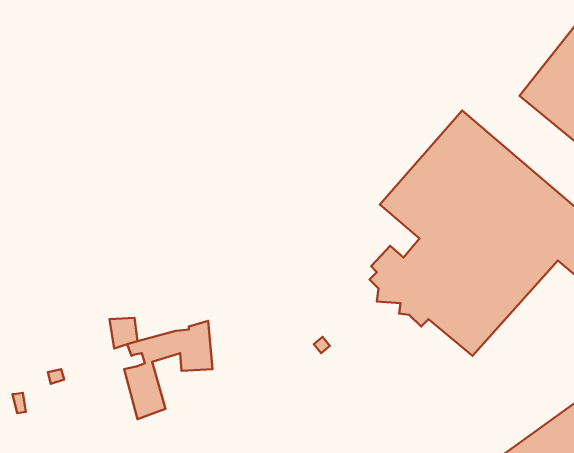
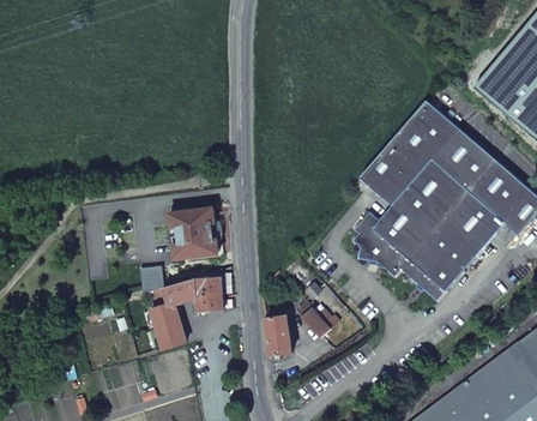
building: none -> [169,210,218,261]
building: none -> [298,301,339,337]
building: none -> [265,314,291,356]

